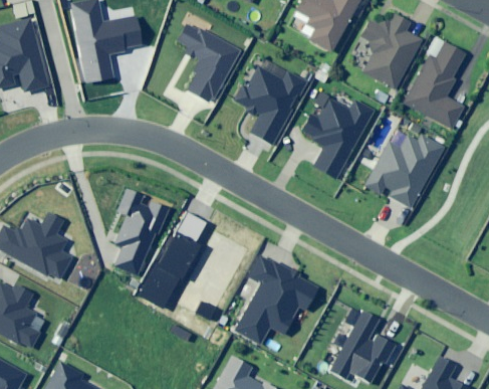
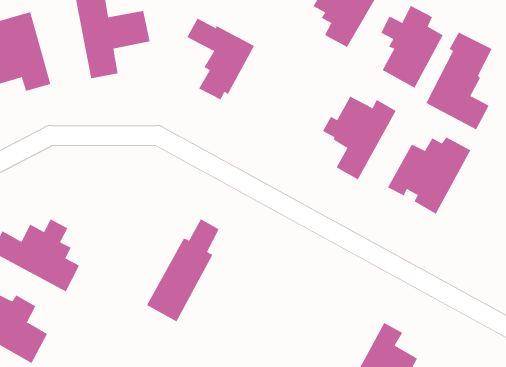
building: [236,63,307,144] -> none
building: [114,189,168,273] -> none
building: [237,255,319,342] -> none

